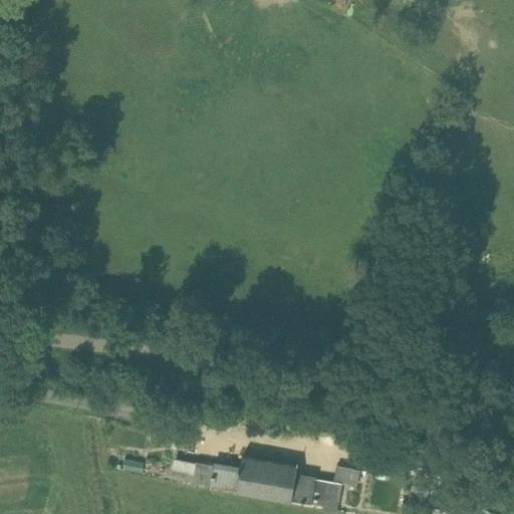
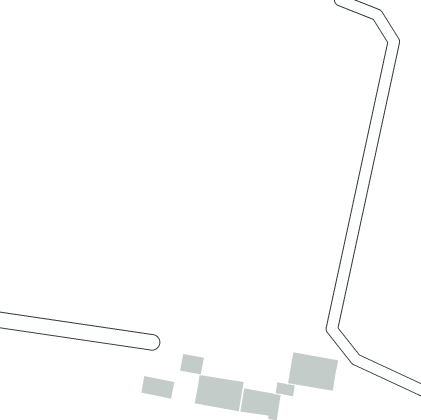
building: none -> [287,352,339,391]
building: [210,467,241,493] -> [179,353,205,375]

